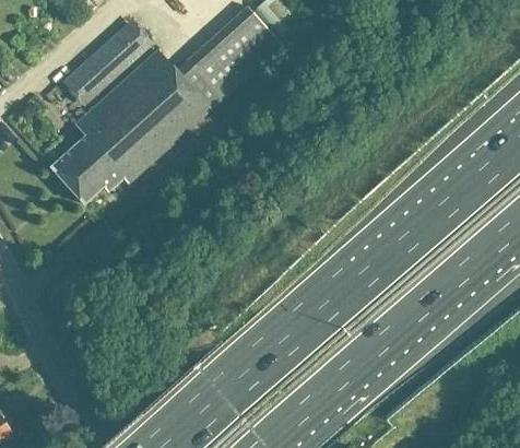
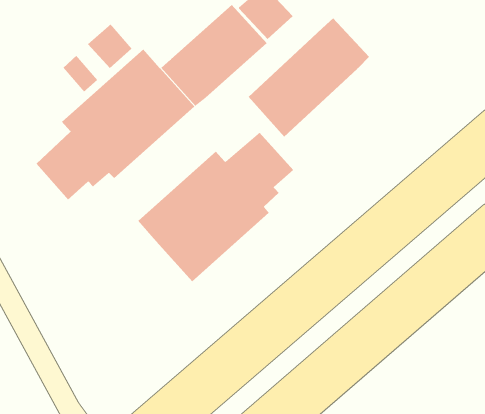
building: none -> [248,17,370,137]
building: none -> [137,132,294,282]

